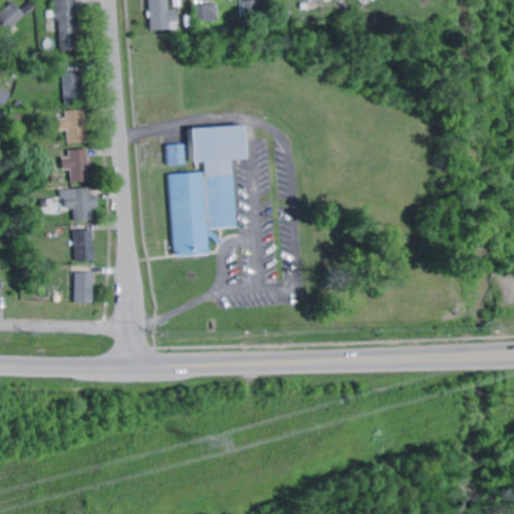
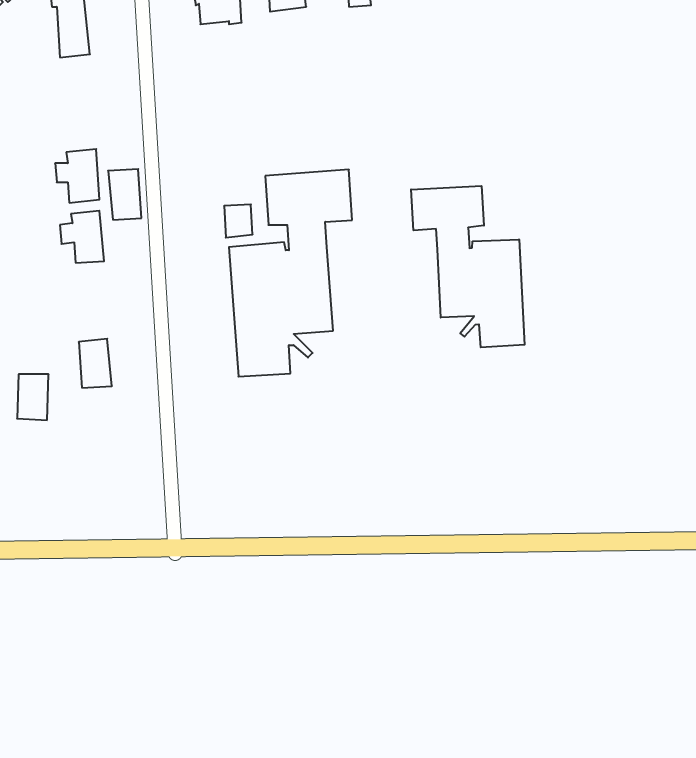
building: [64,71,85,103] -> [108,169,141,220]
building: none -> [411,186,525,347]
building: [64,188,92,221] -> none
building: [73,273,93,302] -> [17,374,49,420]

